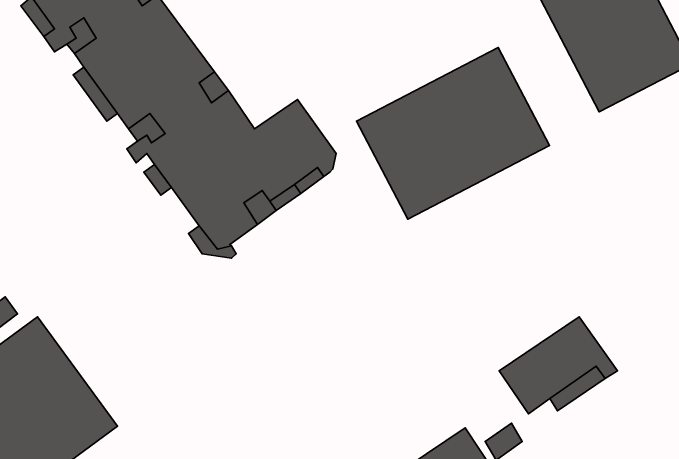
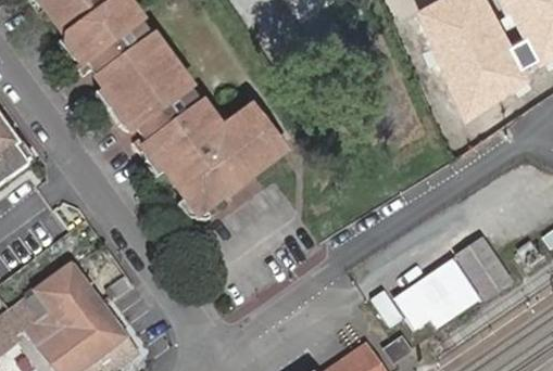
building: [357,47,549,219] -> none
building: none -> [456,238,511,297]

